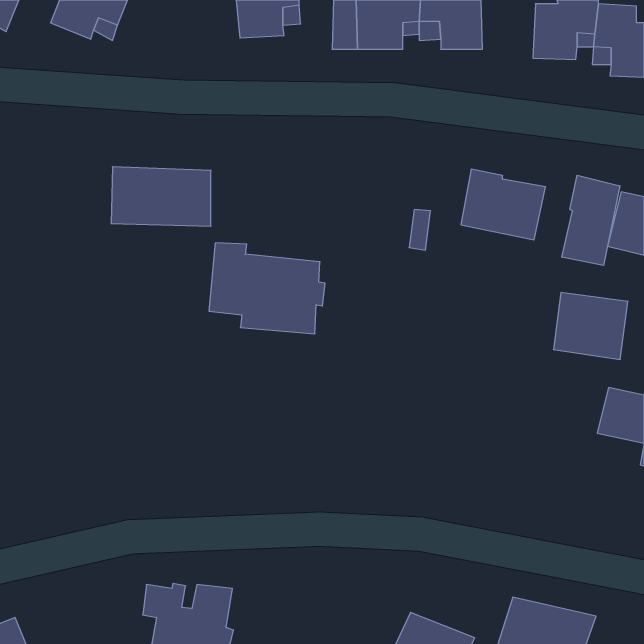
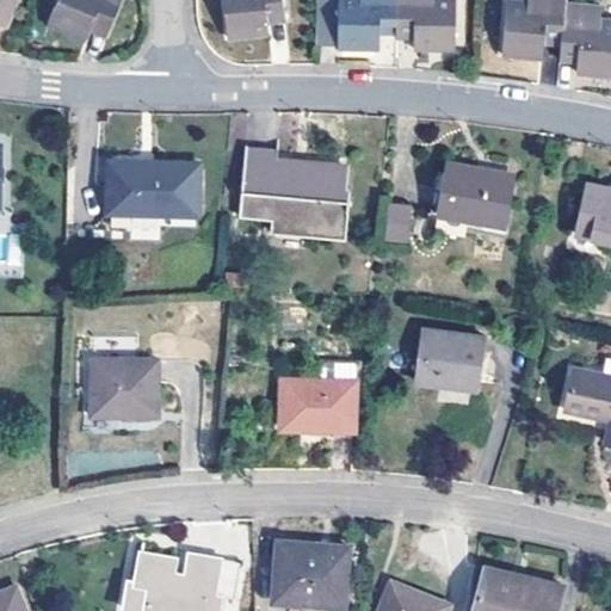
building: [562,175,620,265] -> none
building: [209,243,325,334] -> [241,149,351,235]
building: [553,293,628,359] -> [414,327,485,390]
building: none -> [90,357,159,415]
building: none -> [278,378,356,432]
building: none -> [271,539,348,605]

